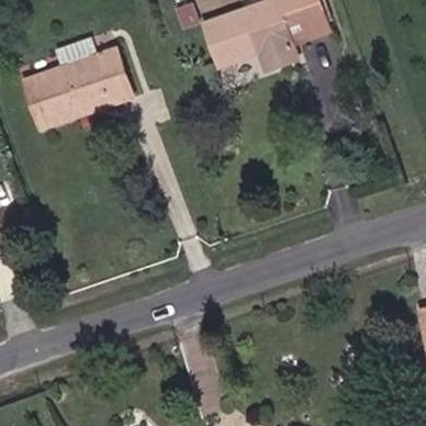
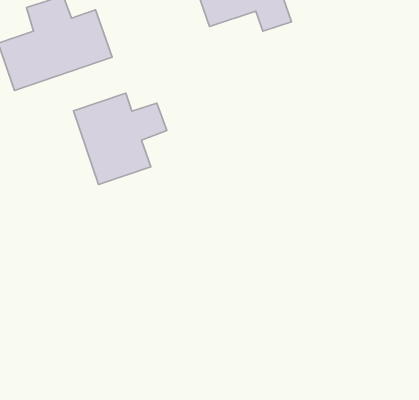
building: none -> [73,93,167,184]

